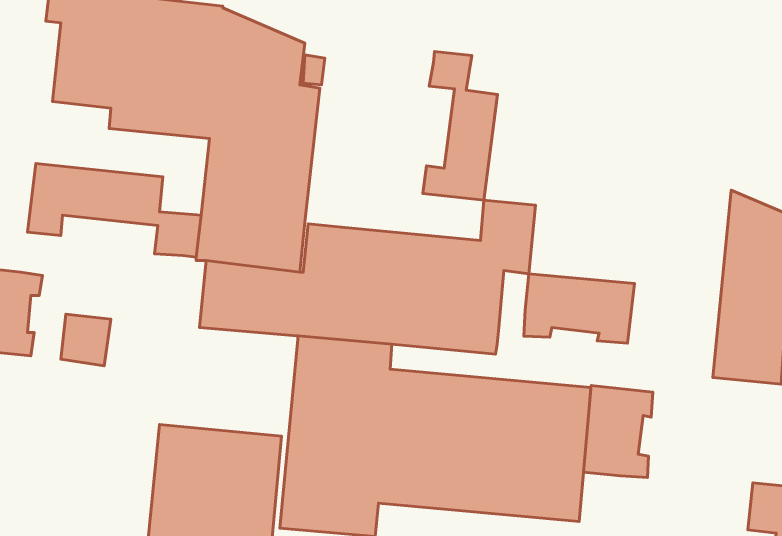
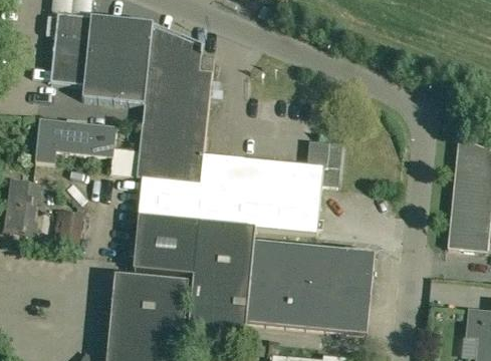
building: [423,51,497,200] -> none
building: [524,274,634,343] -> none
building: none -> [134,217,197,275]
building: [583,386,653,478] -> none

